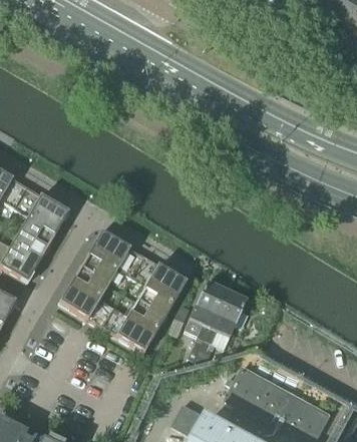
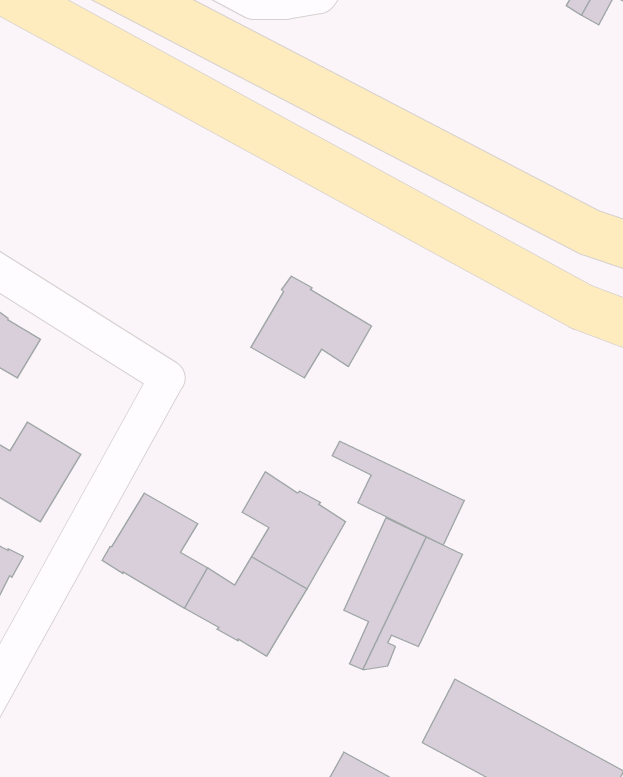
building: [15,186,71,247] -> none
building: [81,230,144,283] -> [251,276,372,378]
building: none -> [332,441,464,545]

